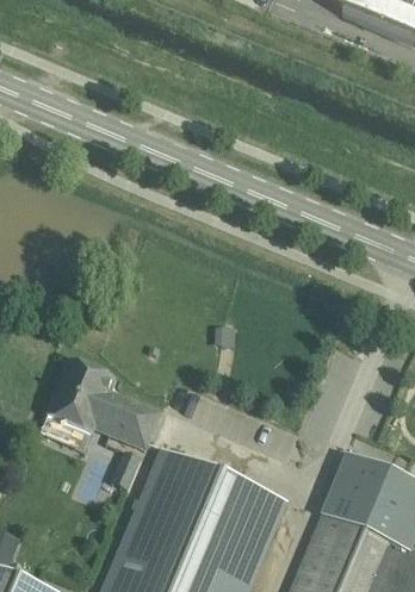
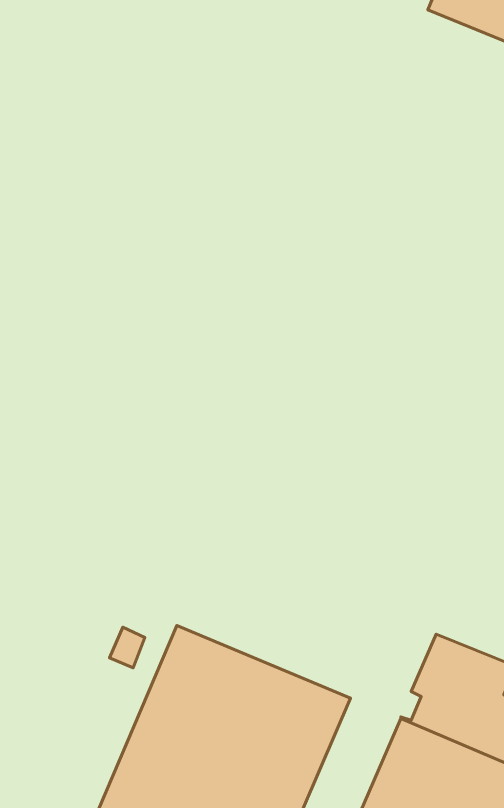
building: [50,360,162,448] -> none

